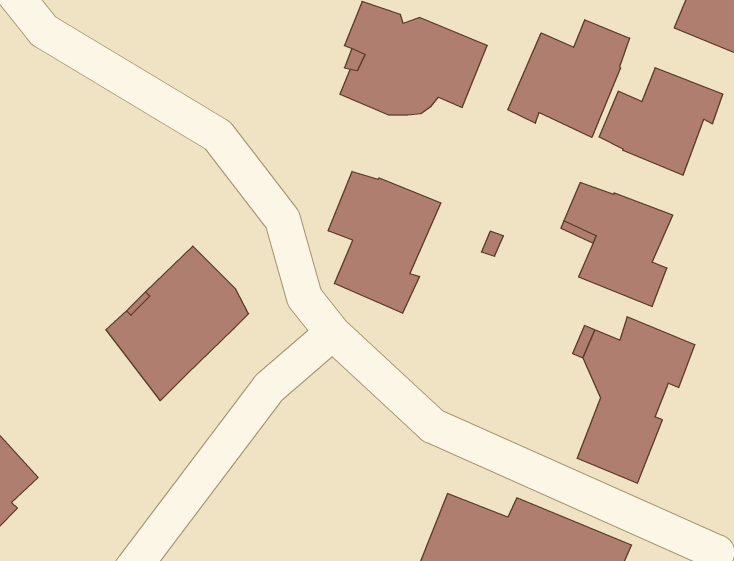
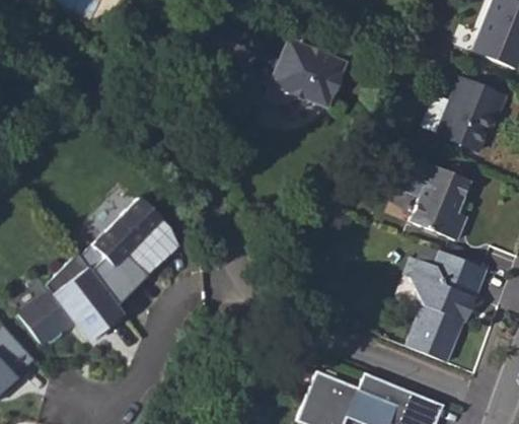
building: [508,20,630,137] -> none
building: [328,171,441,313] -> none
building: none -> [22,255,125,344]

